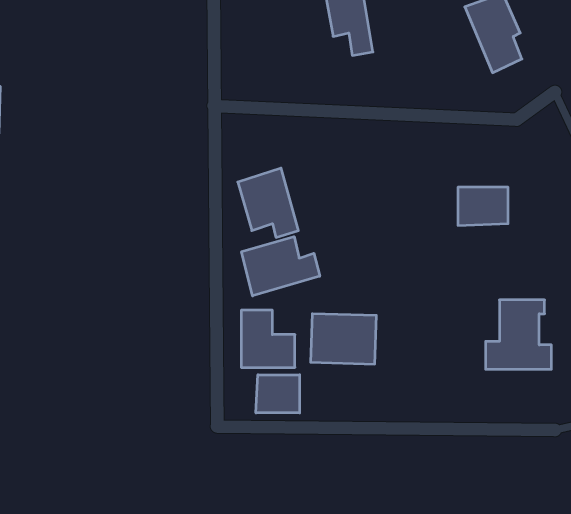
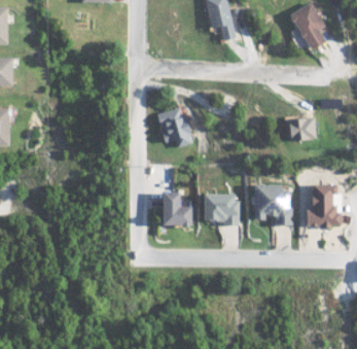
building: [242,237,320,296] -> none
building: none -> [252,184,296,226]
building: [256,375,300,413] -> none

